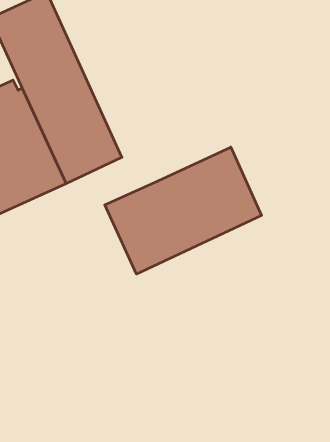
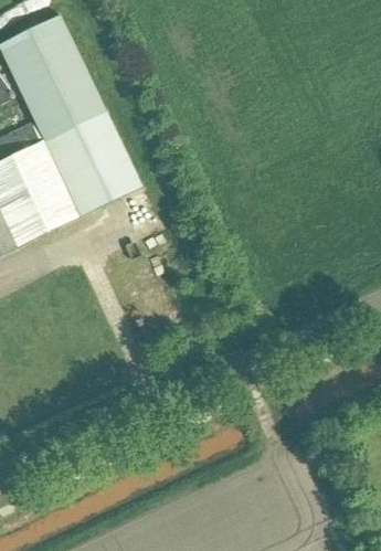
building: [105,147,262,274] -> none

